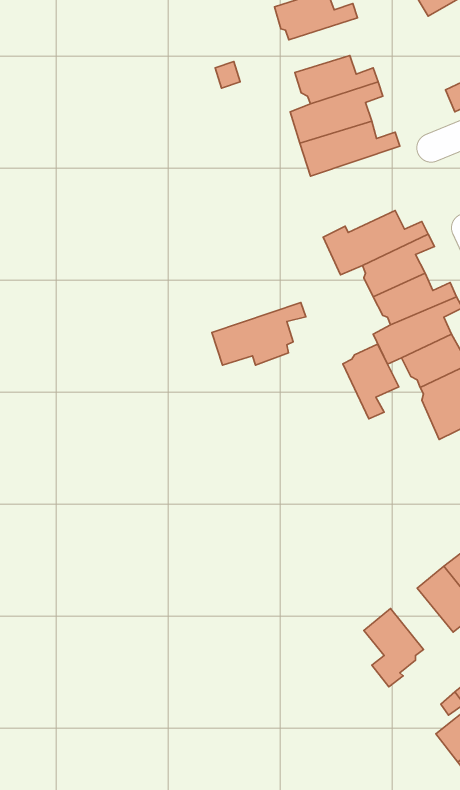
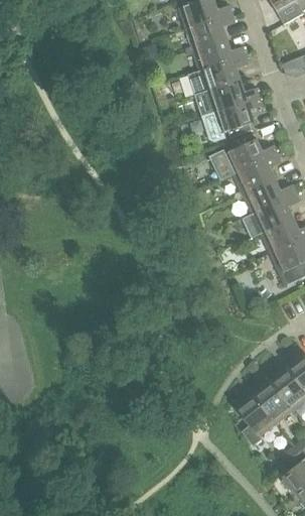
building: none -> [188,15,236,50]
building: [212,303,306,365] -> [202,98,263,138]
building: [343,344,399,419] -> none
building: none -> [254,382,294,421]

